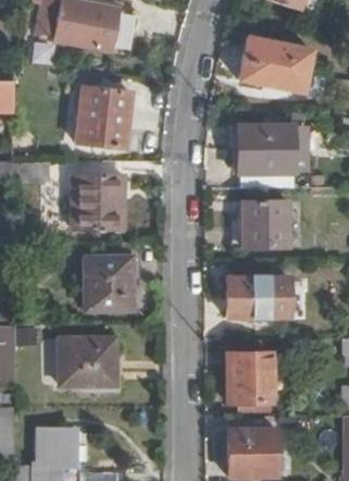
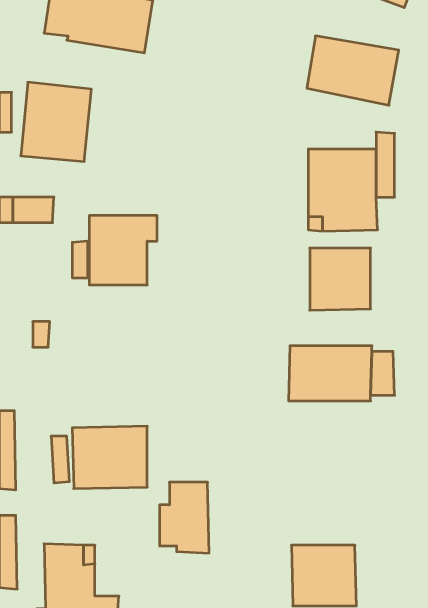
building: [77,88,132,149] -> [21,82,91,161]
building: [85,256,133,311] -> none
building: [227,354,265,408] -> [160,482,209,553]

